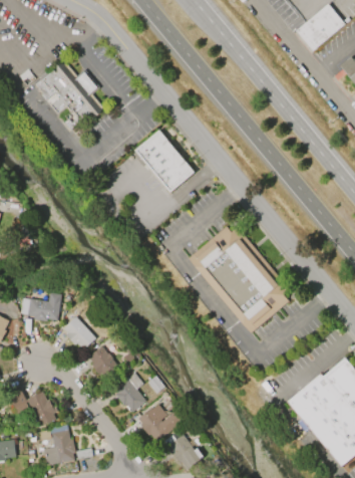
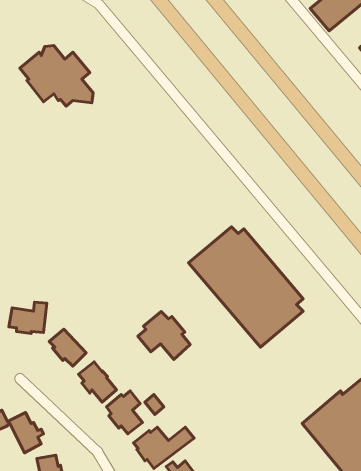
building: [134,129,195,192] -> none
building: none -> [138,312,190,359]

